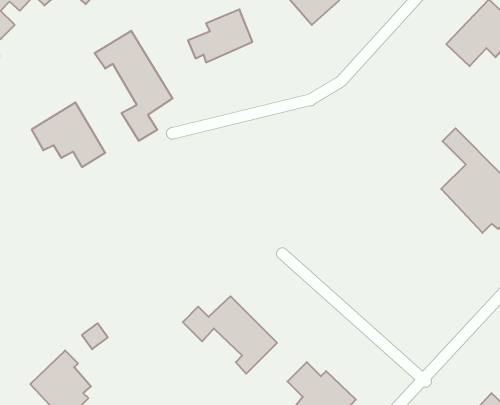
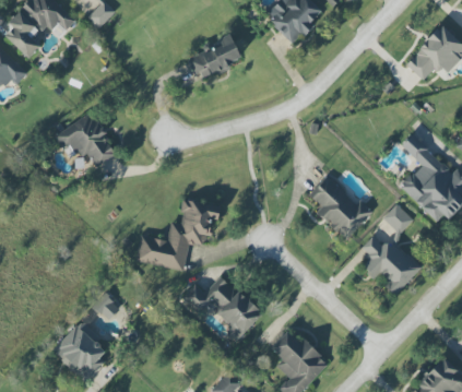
building: [95,31,173,141] -> none
building: none -> [309,176,372,240]
building: none -> [135,199,220,270]
building: none -> [383,203,414,234]
building: none -> [360,230,418,294]

